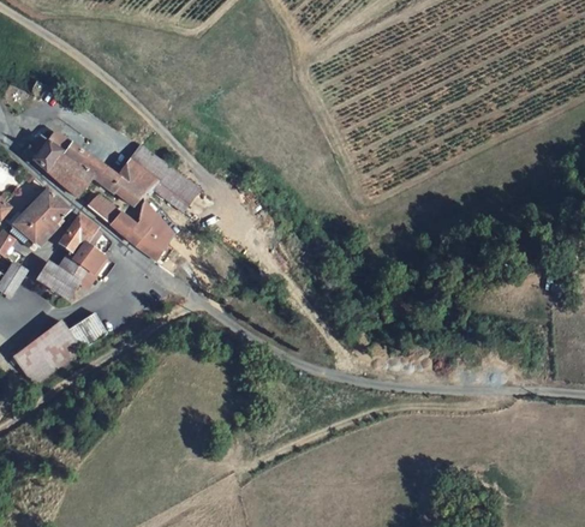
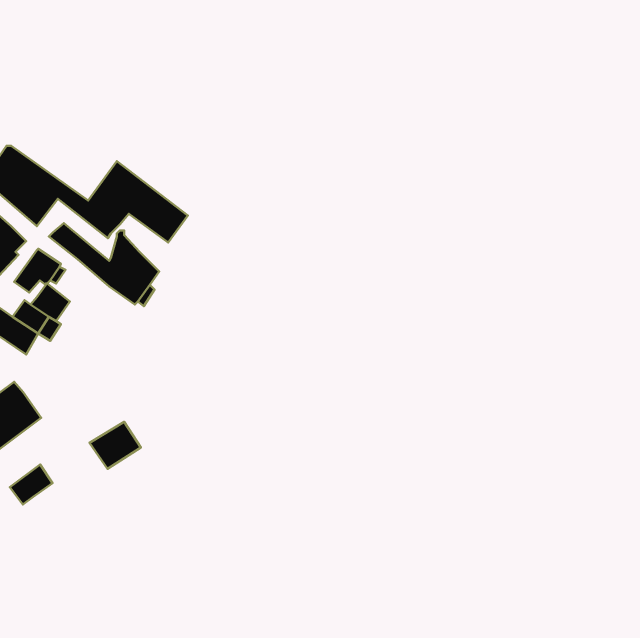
building: [66,312,107,349] -> [89,422,141,469]
building: none -> [10,464,52,504]

